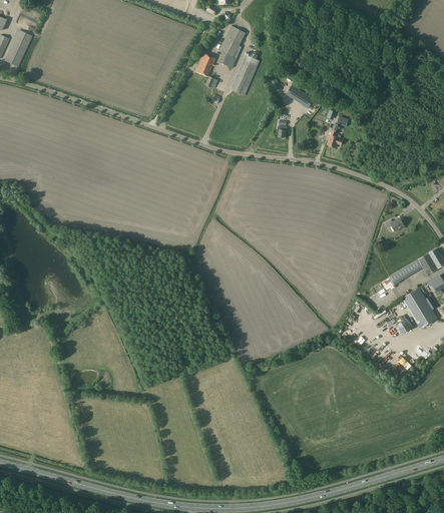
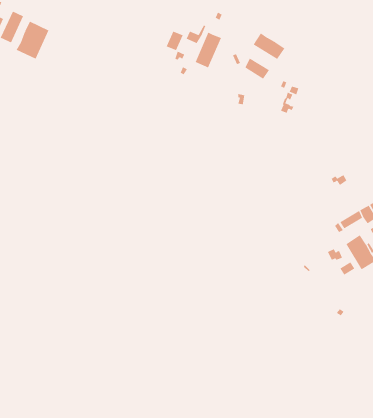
building: [217,25,245,56] -> none
building: none -> [16,21,49,59]
building: none -> [253,32,285,60]

